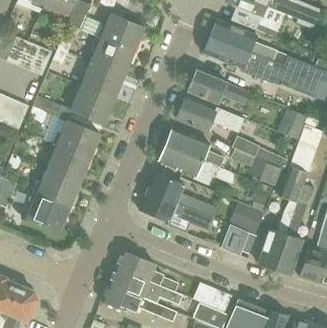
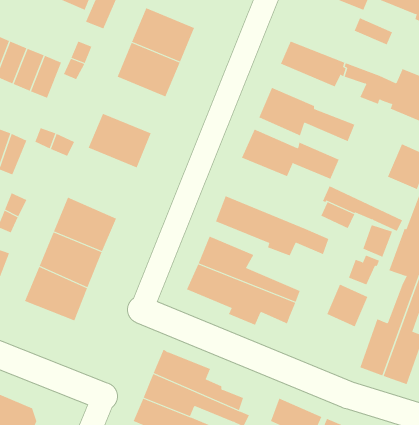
building: [210,18,287,65] -> none
building: [80,61,124,100] -> none
building: [56,119,100,159] -> none
building: [165,127,224,166] -> none
building: [221,224,249,255] -> none

